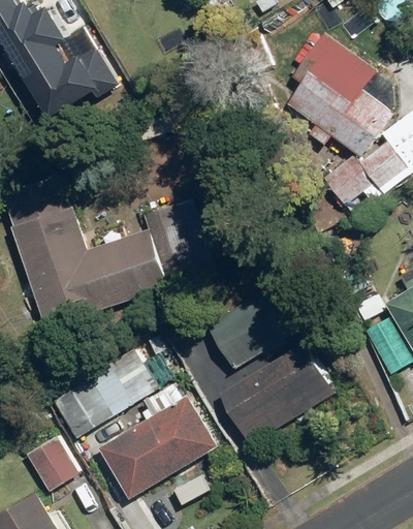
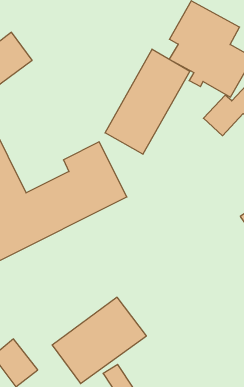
building: none -> [105,49,190,154]
building: [216,342,337,446] -> none
building: [63,352,157,438] -> none

